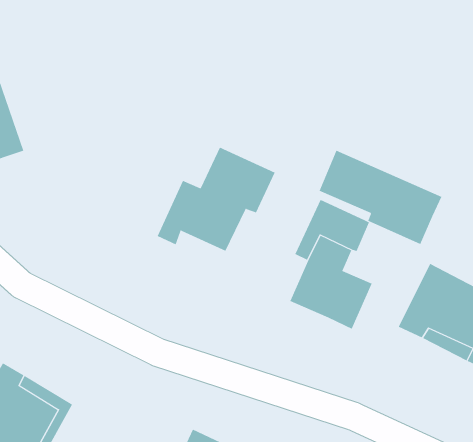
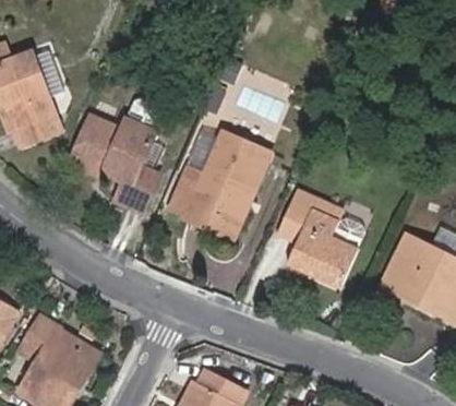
building: none -> [68,97,168,211]
building: [319,150,442,245] -> none
building: none -> [188,184,256,236]

